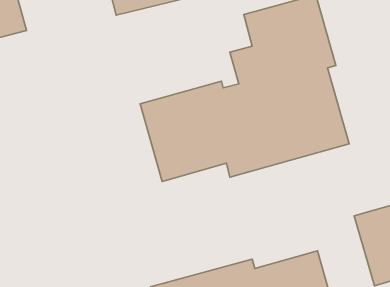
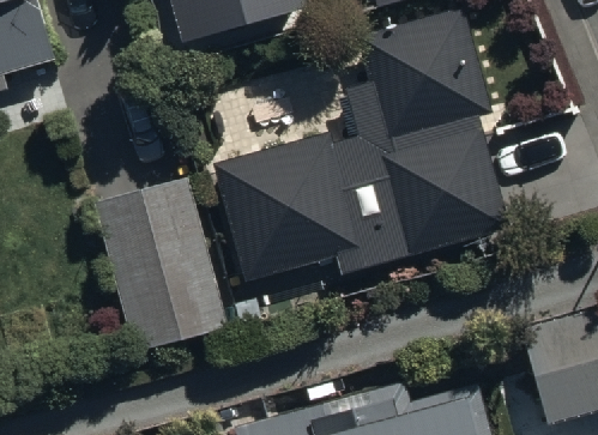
building: none -> [95,177,238,351]

